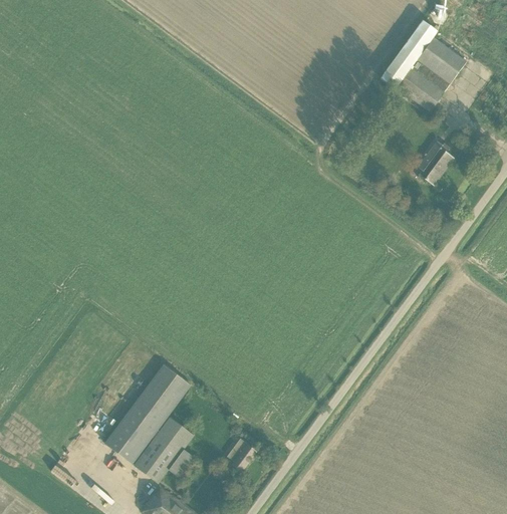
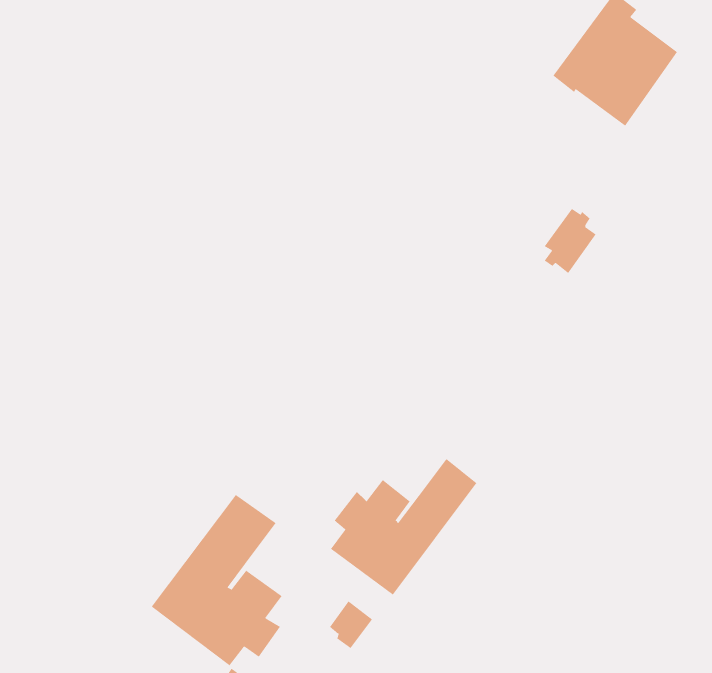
building: [418,140,454,185] -> [544,208,596,274]
building: none -> [330,458,477,595]

